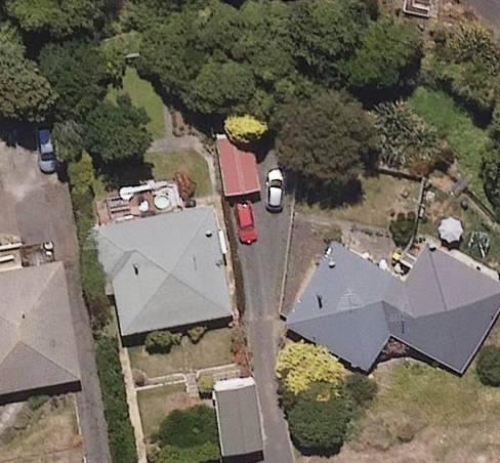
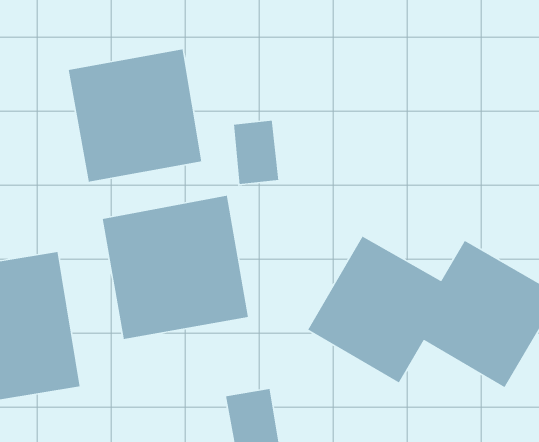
building: none -> [68,49,202,182]

